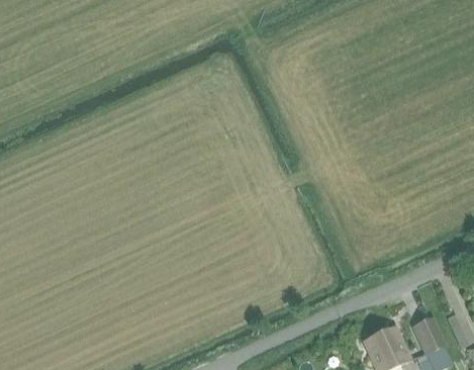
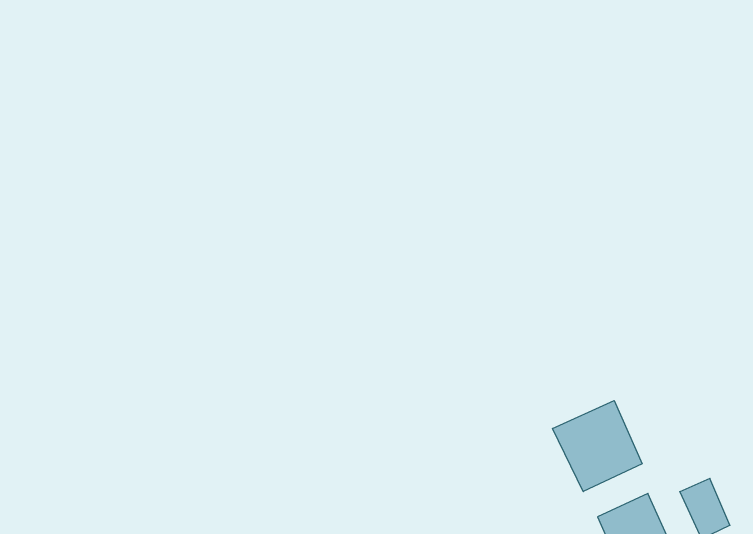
building: none -> [553,401,642,492]

